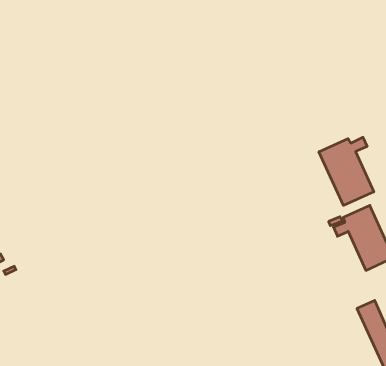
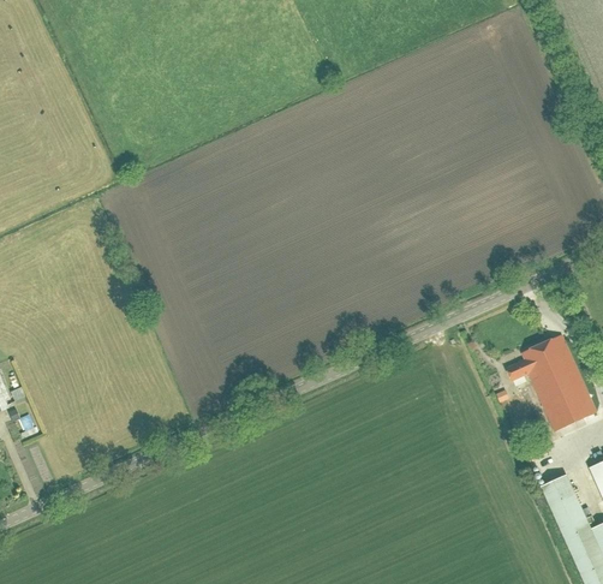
building: [319,137,374,205] -> none

